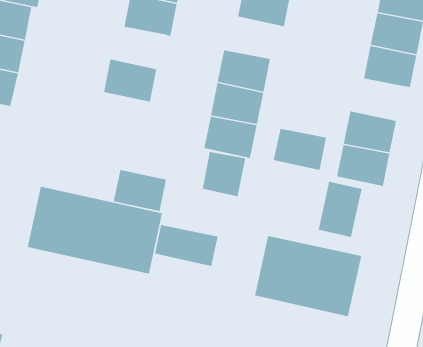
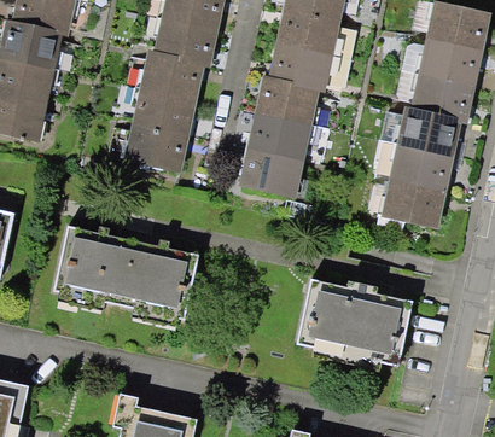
building: none -> [272,45,330,91]
building: none -> [142,54,200,100]
building: [273,128,327,171] -> [400,110,458,156]
building: [202,151,246,197] -> none
building: [113,169,167,212] -> [128,126,186,171]
building: [318,181,362,238] -> none
building: [154,224,219,267] -> none

